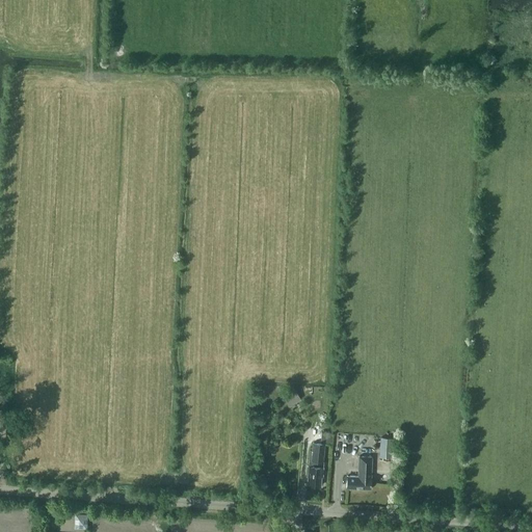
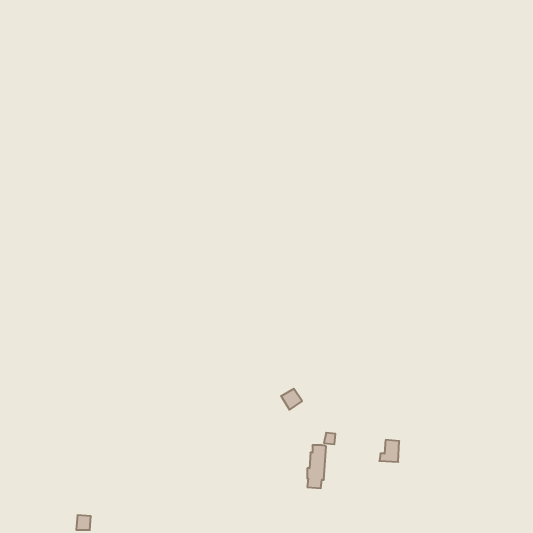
building: [345,457,370,489] -> none

